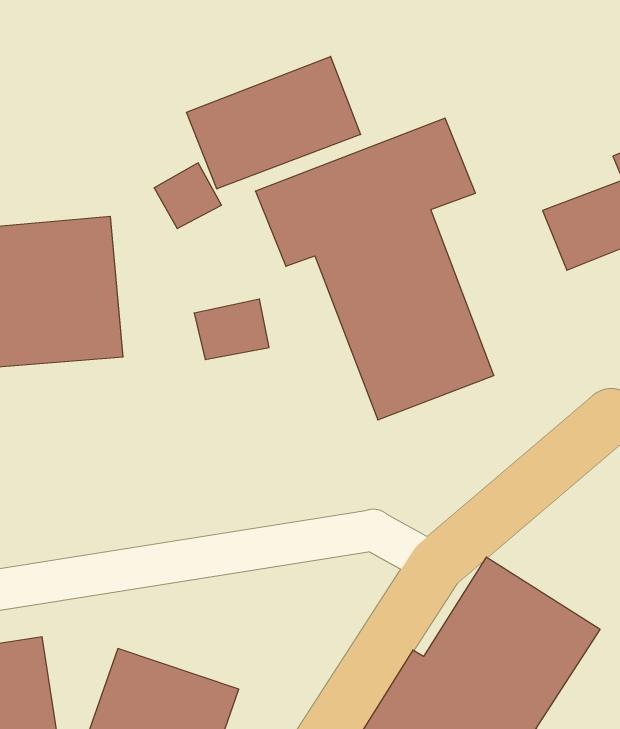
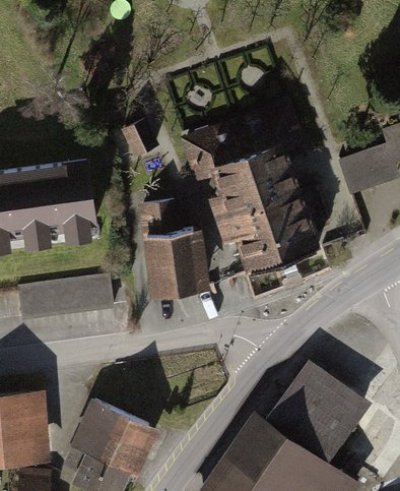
building: [187,56,361,189] -> none
building: none -> [137,233,207,299]
building: none -> [28,273,123,320]

